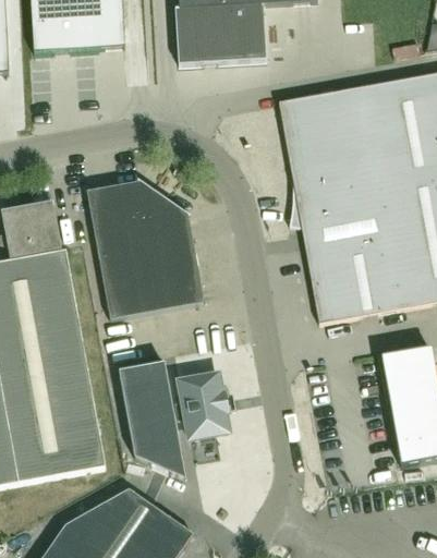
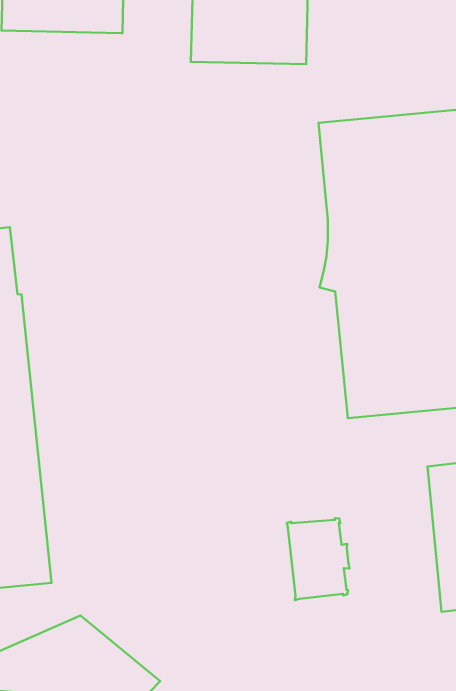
building: [86,178,204,318] -> none
building: [118,362,185,480] -> none
building: [178,374,228,438] -> [287,518,350,600]

